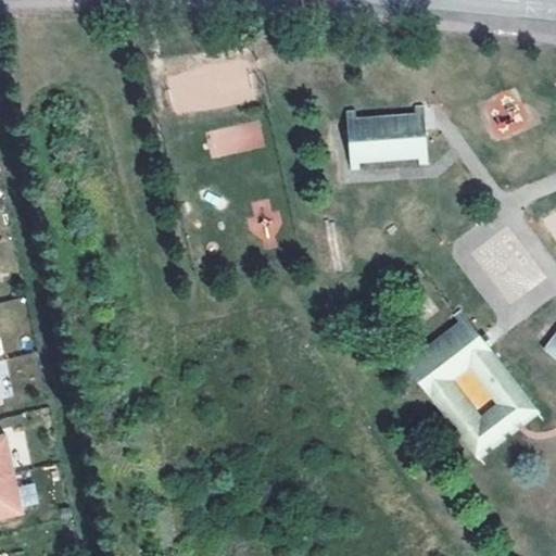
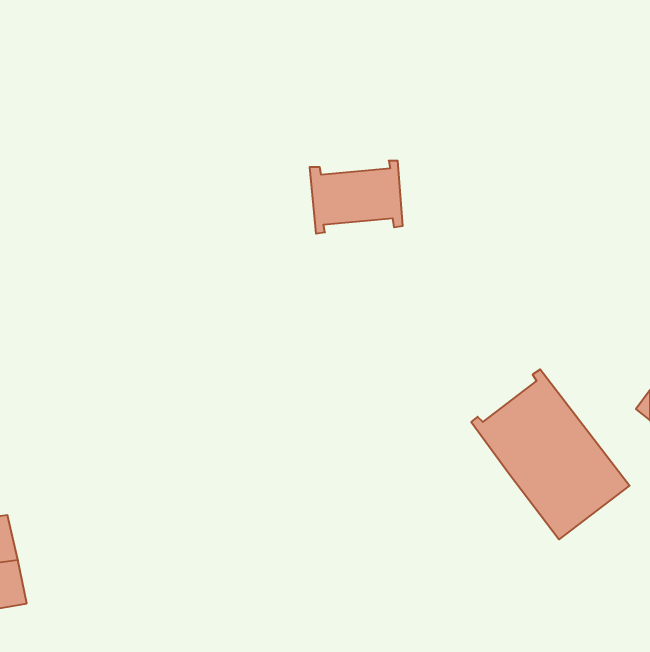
building: [346,108,426,169] -> [310,161,403,234]

